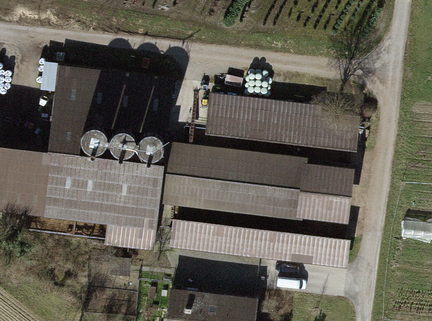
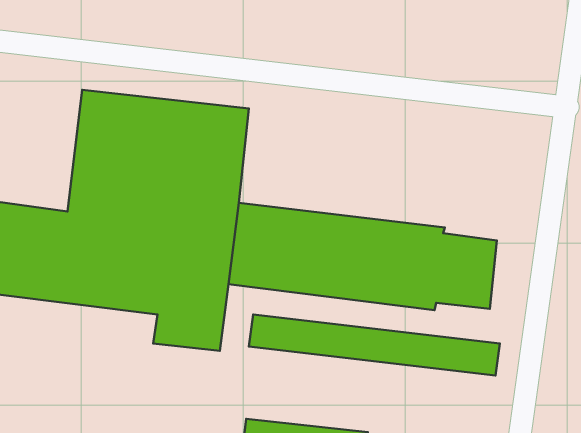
building: [207,104,355,146] -> none

